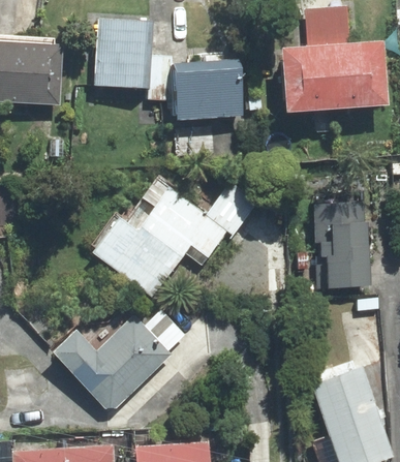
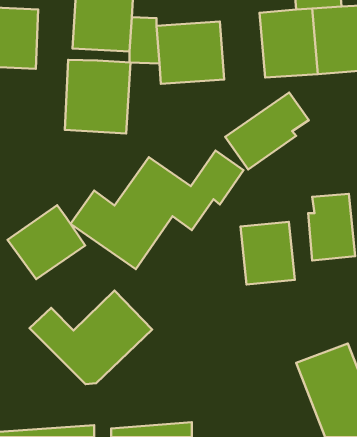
building: none -> [65,60,130,134]
building: none -> [225,93,309,170]
building: none -> [8,205,85,279]
building: none -> [241,222,295,284]

